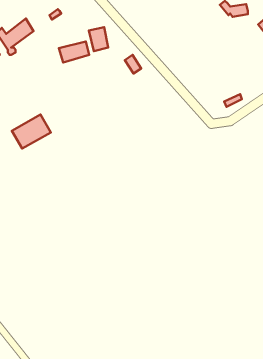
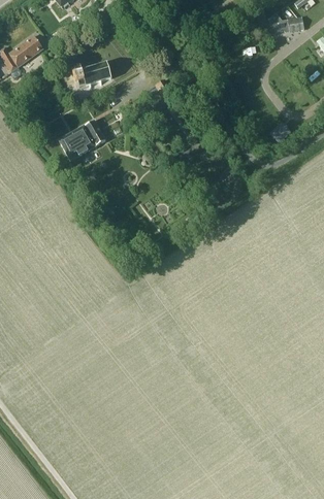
building: [89,27,108,51] -> none
building: [12,115,51,149] -> [58,120,105,161]

